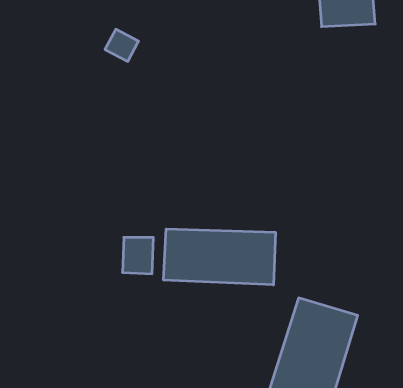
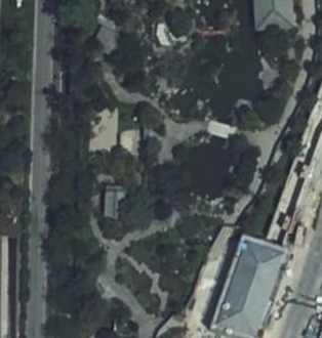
building: [164,229,275,285] -> none

